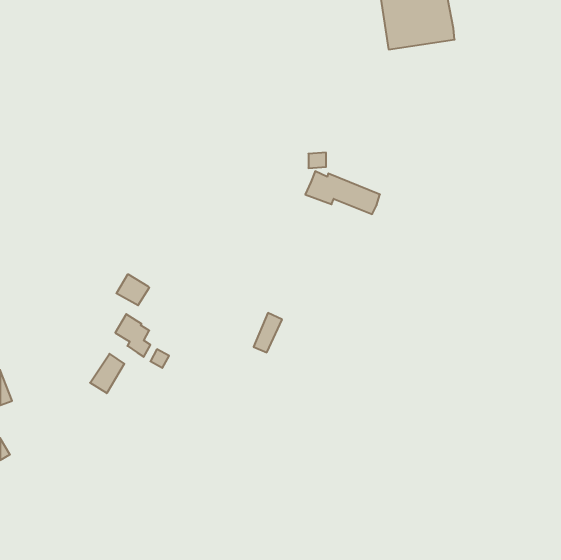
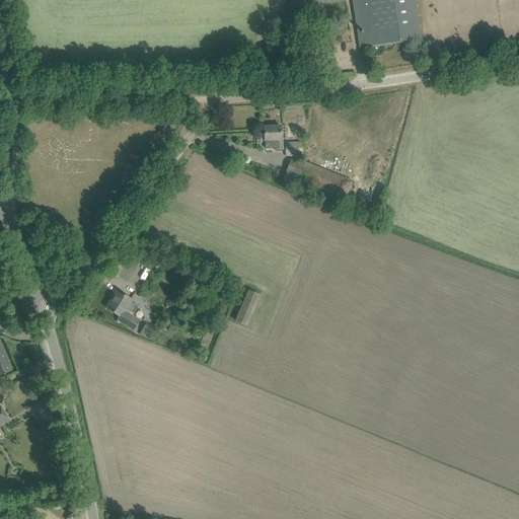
building: none -> [264,126,283,149]
building: [90,354,124,393] -> none

